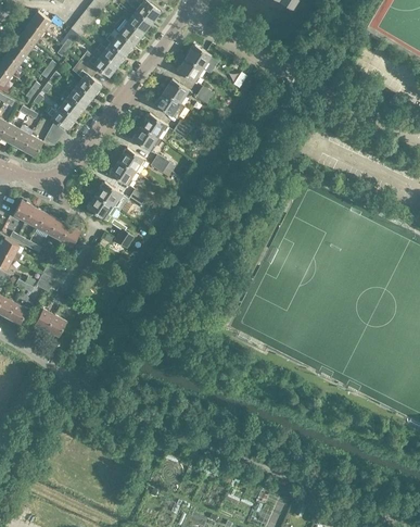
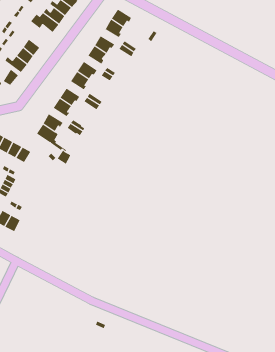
building: [72,62,101,97] -> none

